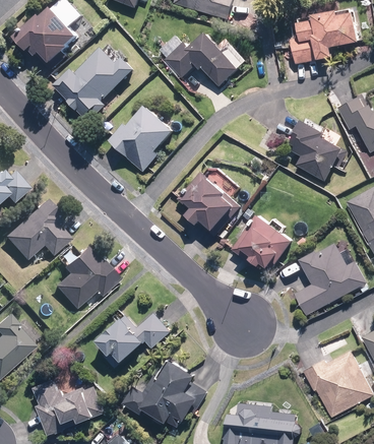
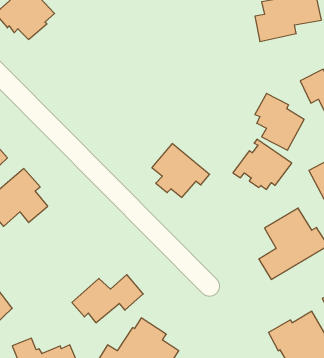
building: [164,33,244,87] -> none
building: [52,48,134,123] -> none
building: [108,105,175,173] -> none
building: [231,215,293,268] -> [233,139,292,189]
building: [52,246,119,310] -> none

